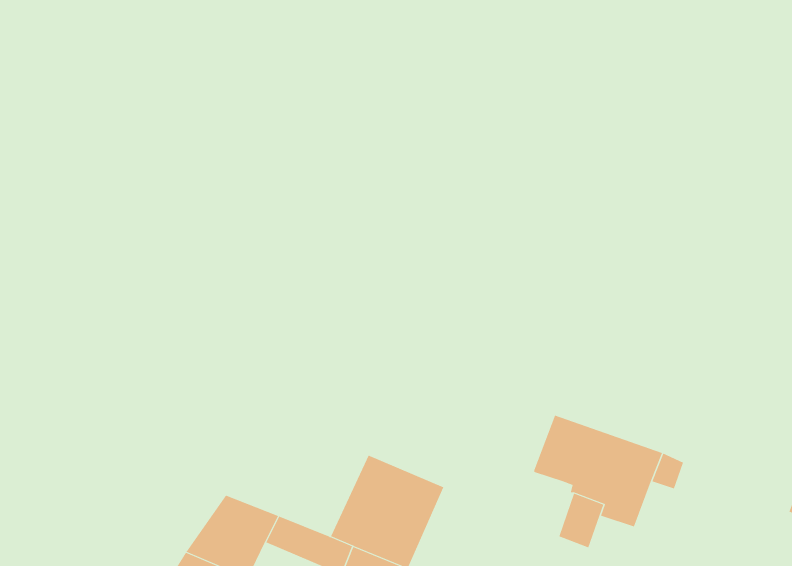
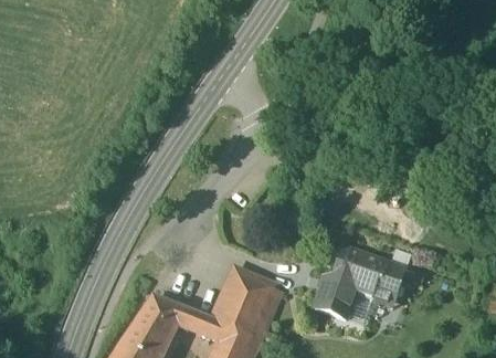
building: none -> [315,275,349,313]

